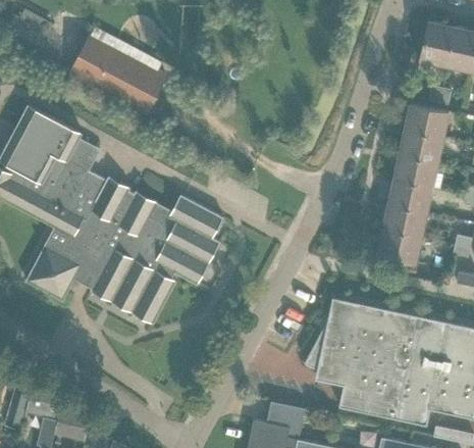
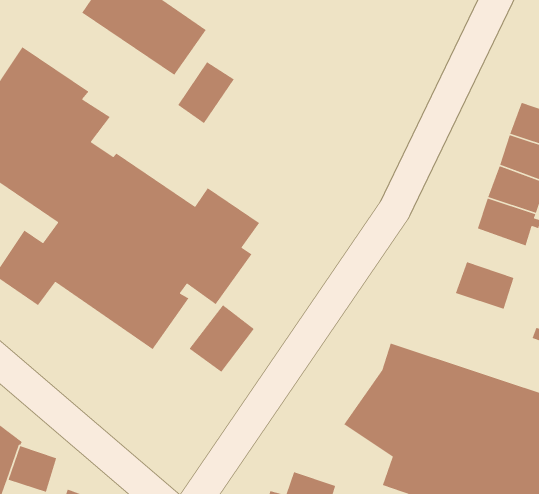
building: none -> [177,61,235,124]
building: [383,204,432,238] -> none
building: none -> [189,304,255,373]

